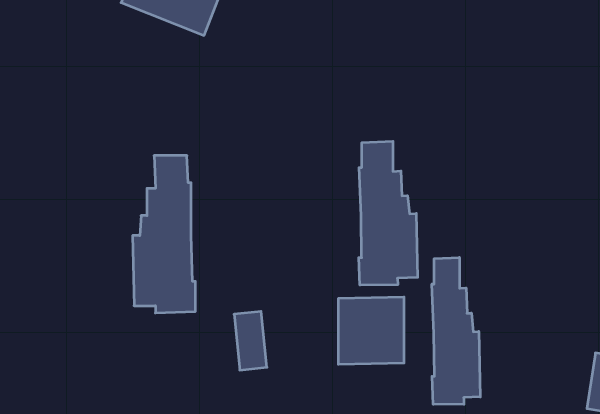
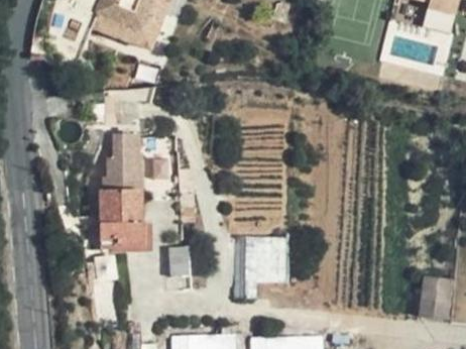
building: [359,141,418,285] -> none
building: [432,257,480,404] -> none

